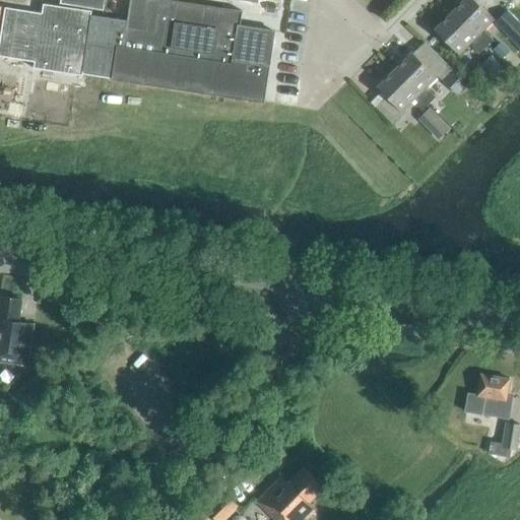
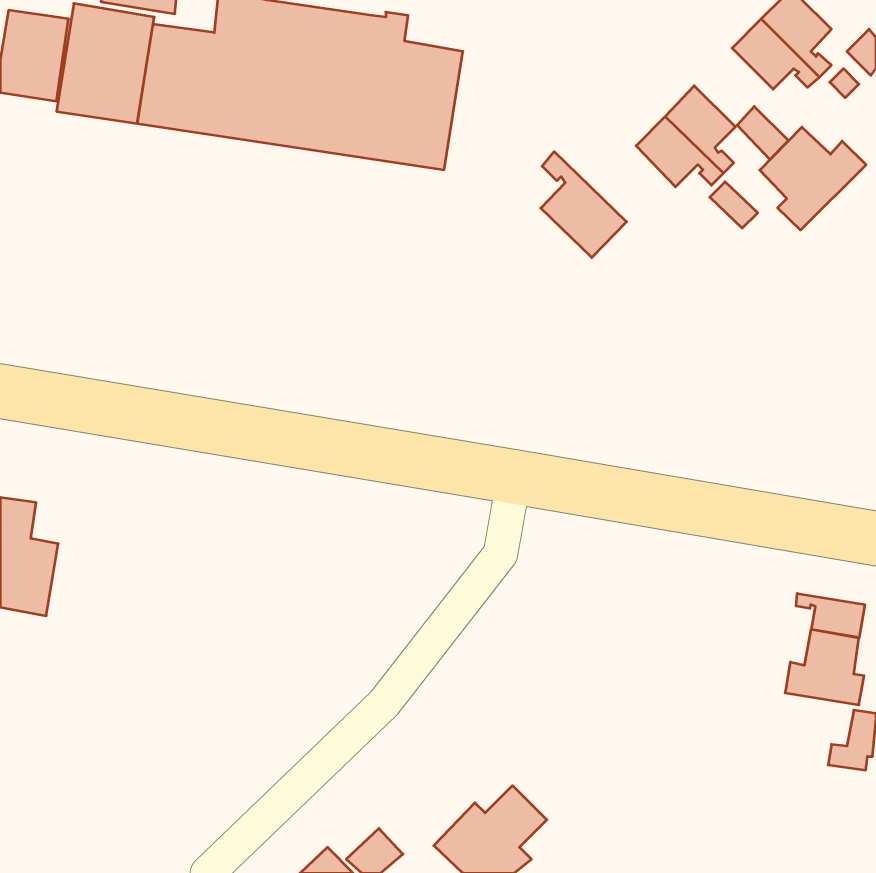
building: none -> [760,127,866,230]
building: none -> [541,152,627,258]
building: none -> [796,593,865,638]

